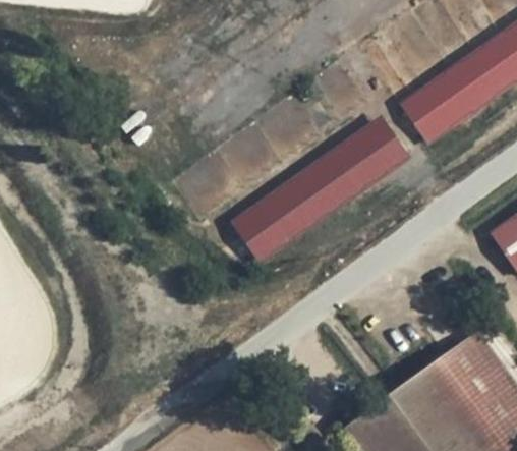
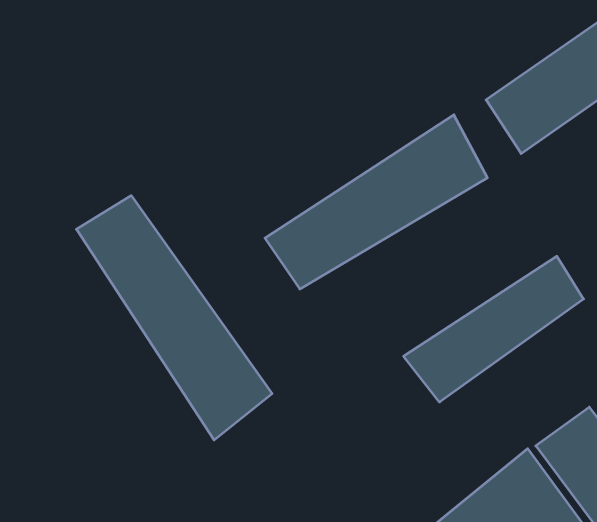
building: none -> [76,196,272,440]
building: none -> [404,256,584,402]

